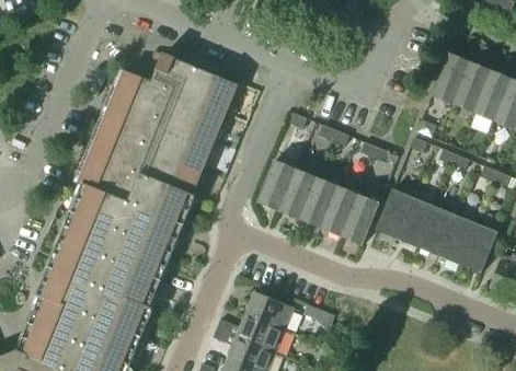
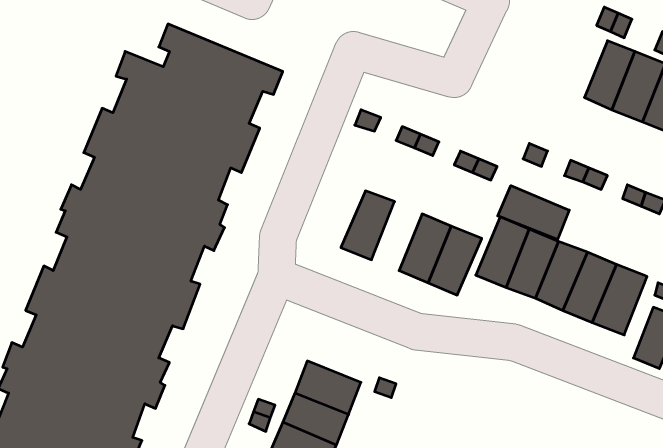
building: [431,54,469,103] -> none
building: [256,160,296,210] -> none
building: none -> [498,186,569,240]
building: [300,177,336,227] -> none

